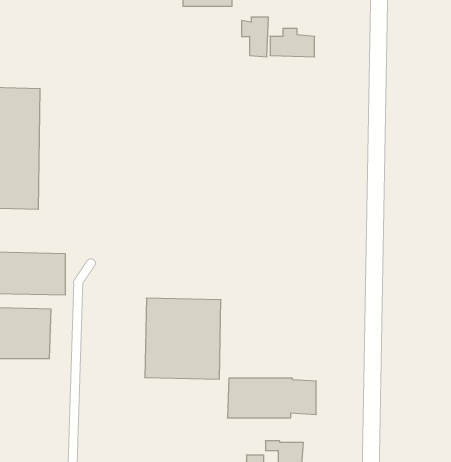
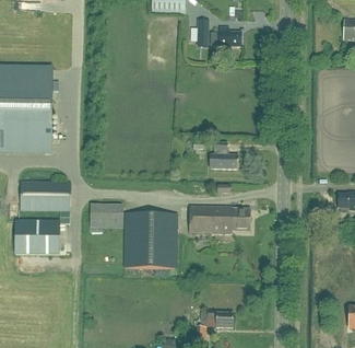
building: none -> [210,141,238,169]
building: none -> [90,204,123,227]
building: [227,378,316,418] -> [189,206,250,233]

